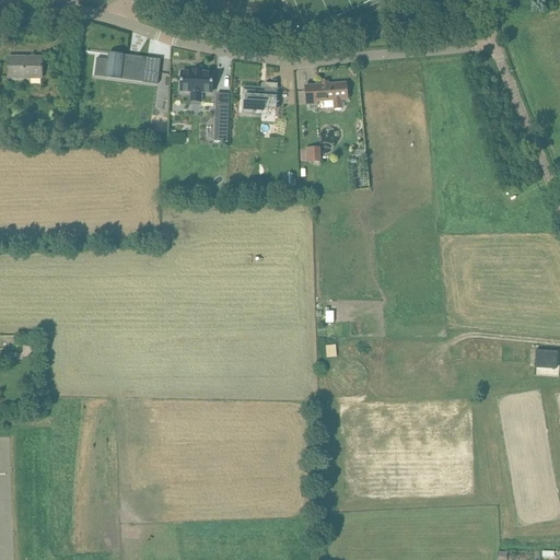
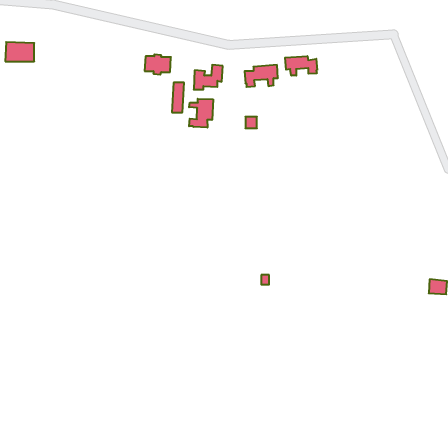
building: [94,51,160,82] -> none
building: none -> [285,56,317,76]
building: none -> [189,99,213,128]

